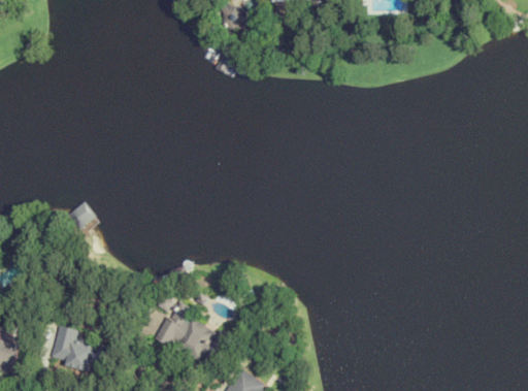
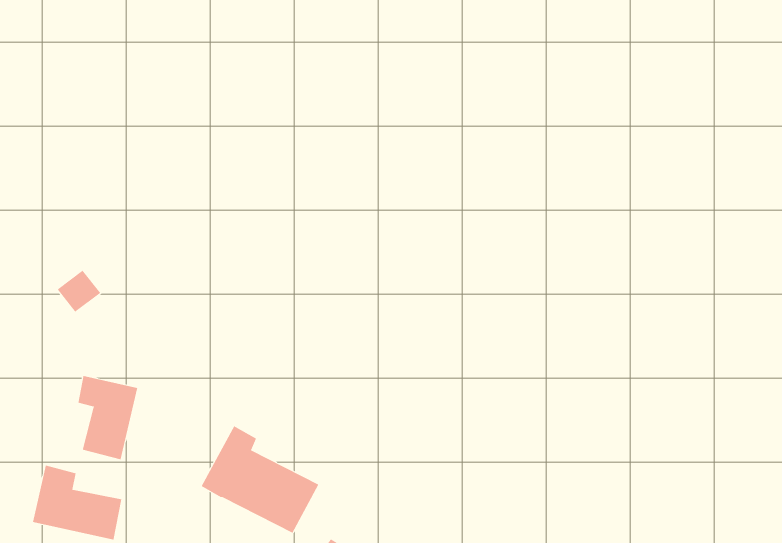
building: none -> [78,375,138,460]

